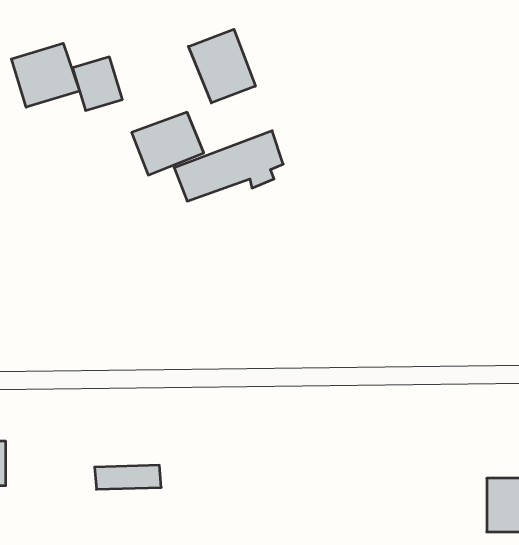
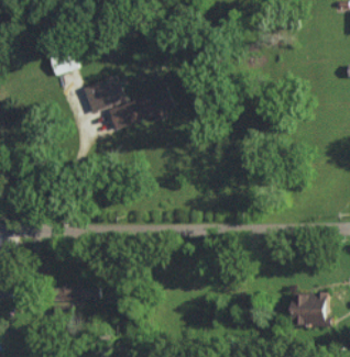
building: [188,29,255,103] -> none
building: [11,43,79,107] -> none

